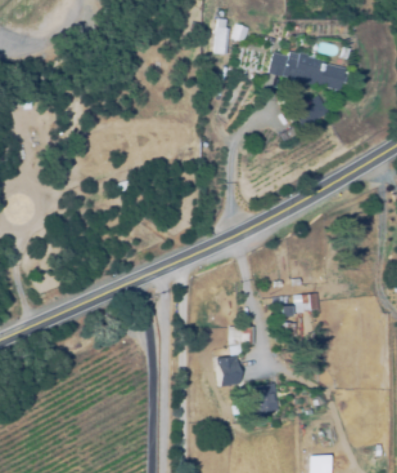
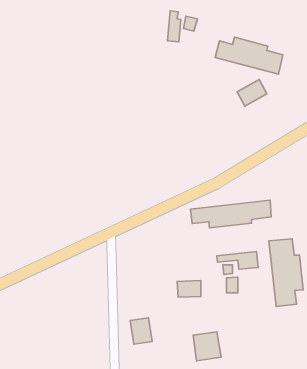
building: none -> [191,200,271,228]
building: none -> [269,239,303,307]
building: [215,356,240,386] -> [130,318,152,344]

